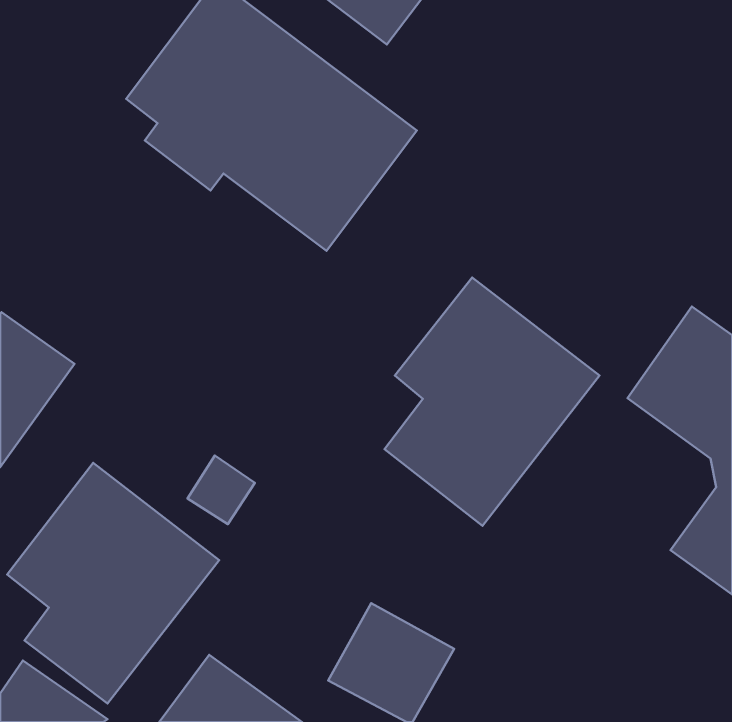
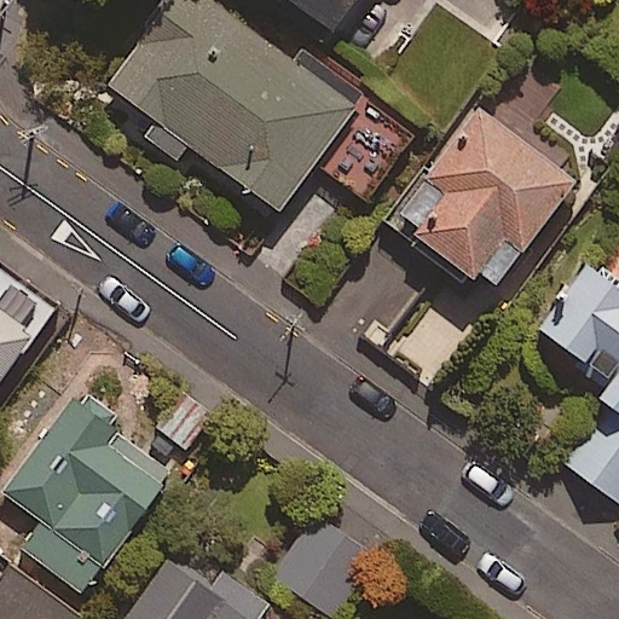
building: none -> [391,110,574,296]
building: [384,278,600,526] -> none

